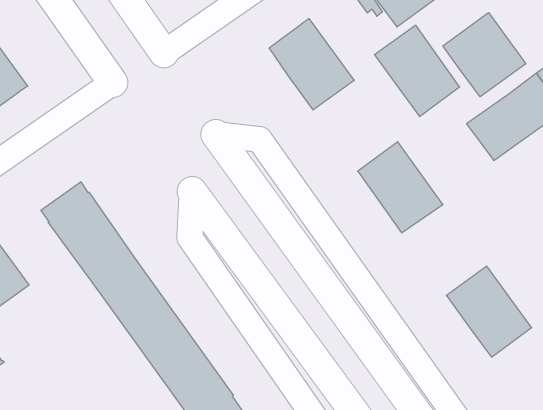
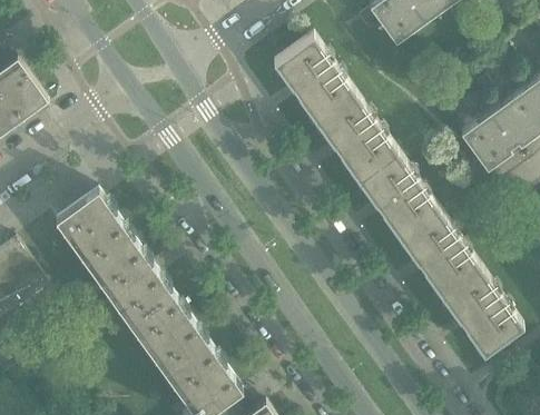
building: [443,13,526,97] -> none
building: [375,25,460,116] -> [315,96,395,181]
building: none -> [399,213,479,298]

